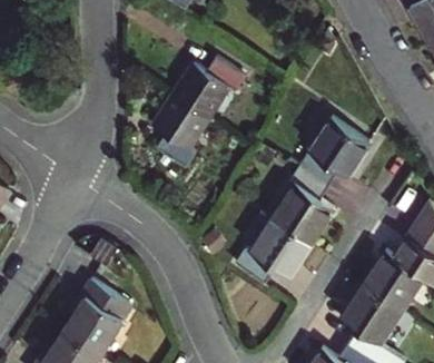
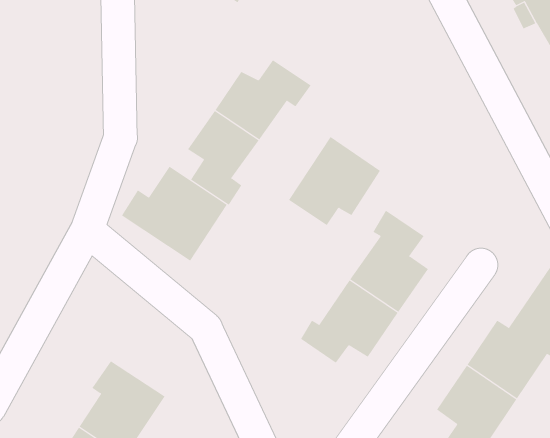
building: [302,116,373,185] -> [288,136,381,226]
building: none -> [121,166,227,262]

